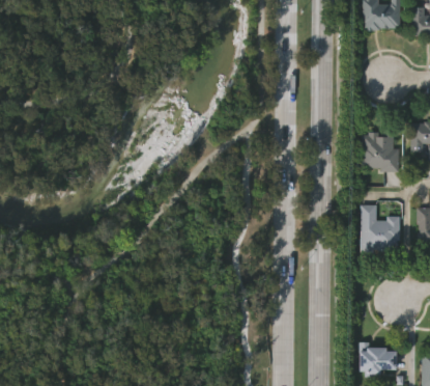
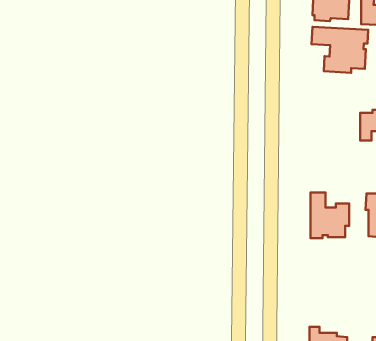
building: none -> [311,27,368,73]
building: [362,128,398,171] -> none

